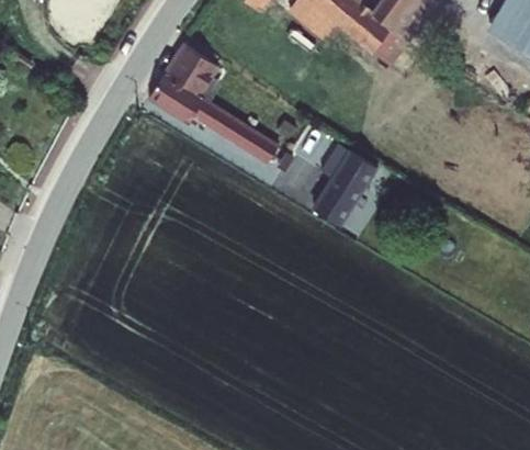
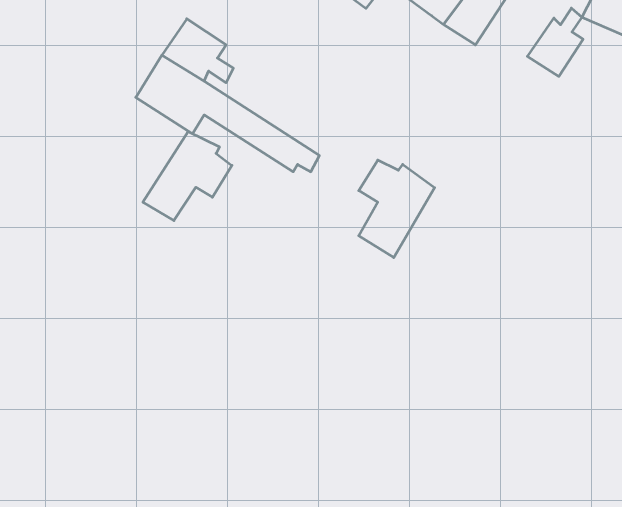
building: none -> [527,8,583,76]
building: none -> [143,132,232,221]

